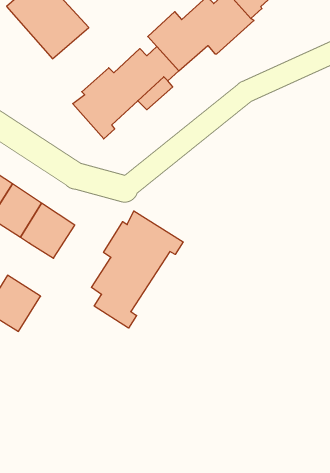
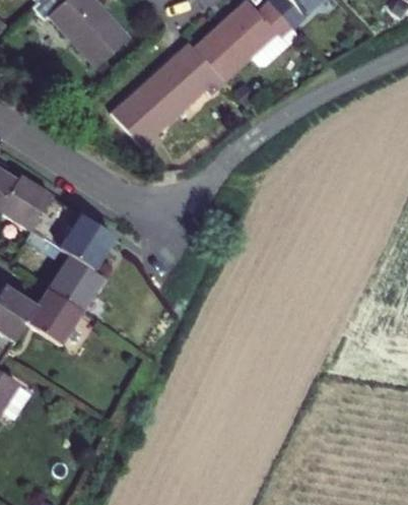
building: [91,211,183,328] -> none
building: none -> [48,254,103,308]

